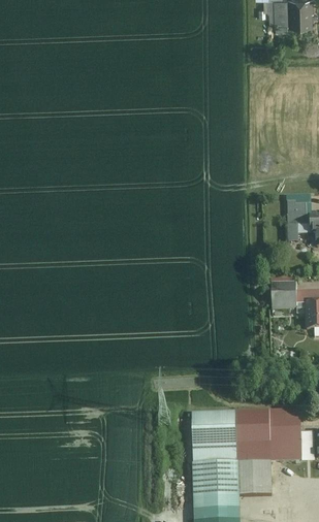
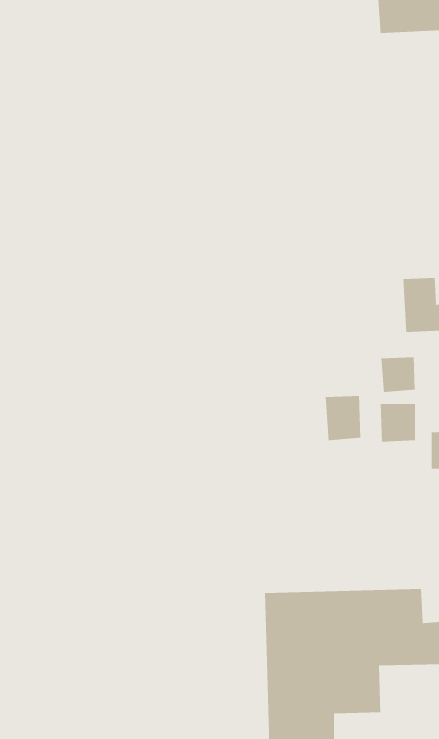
building: none -> [381,357,416,393]
building: none -> [325,395,361,441]

